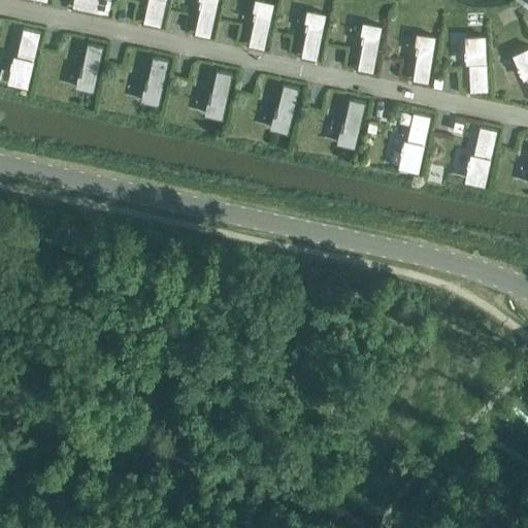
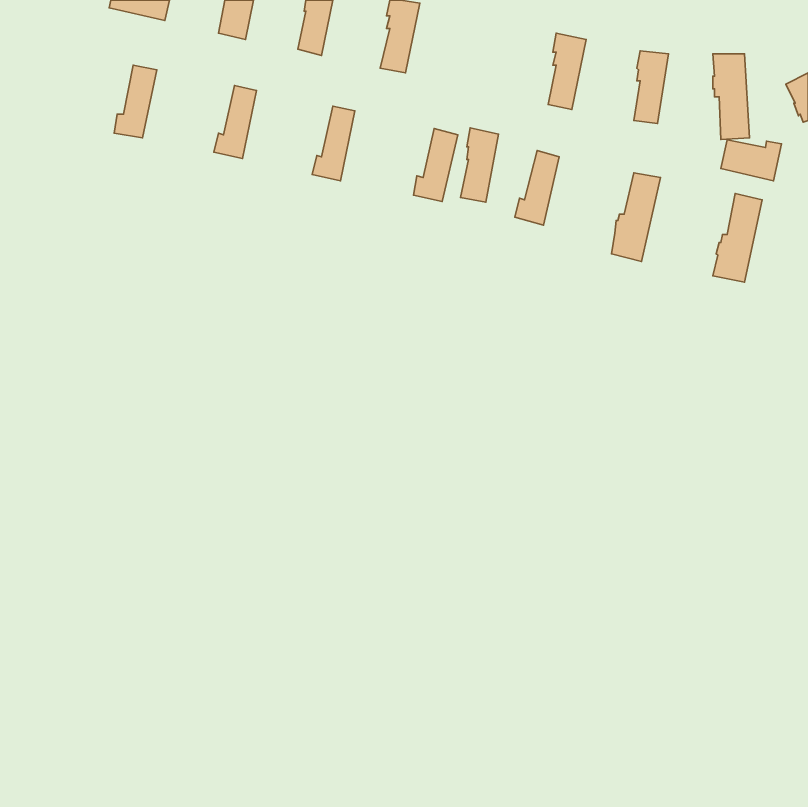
building: [300,11,325,60] -> [461,128,499,202]
building: [7,30,40,88] -> none
building: none -> [721,140,781,181]

